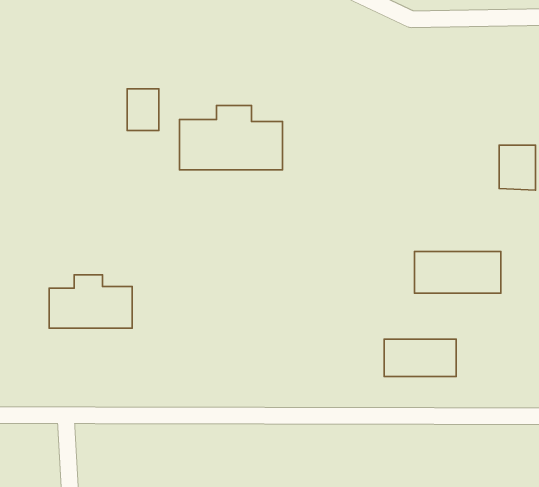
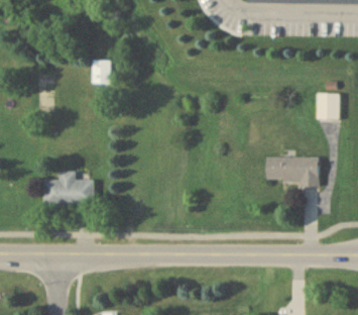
building: [180,105,282,170] -> none
building: [384,339,456,376] -> none

